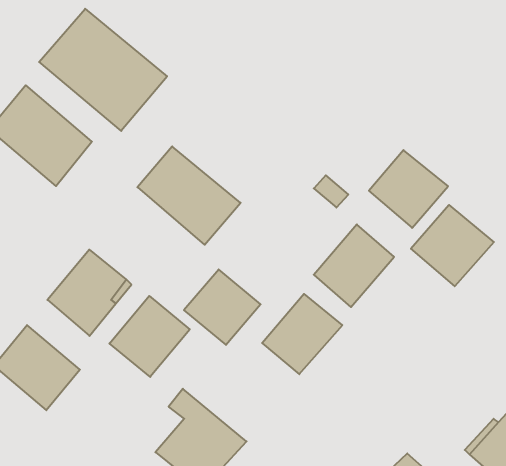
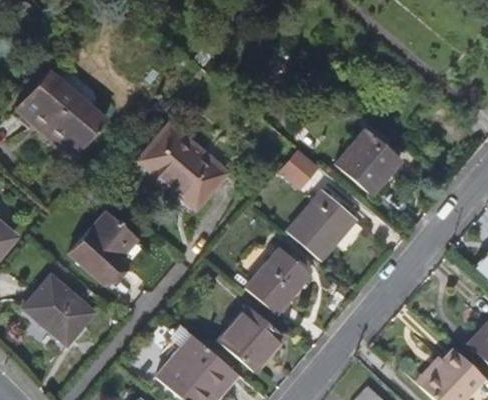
building: [39,9,167,131] -> none
building: [411,205,494,286] -> none
building: [184,269,261,345] -> [220,309,284,372]
building: [109,296,190,377] -> none

